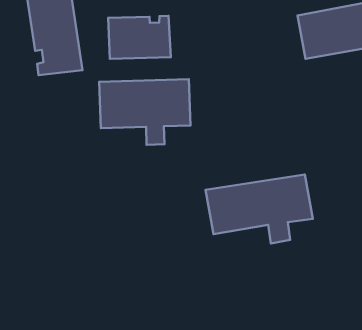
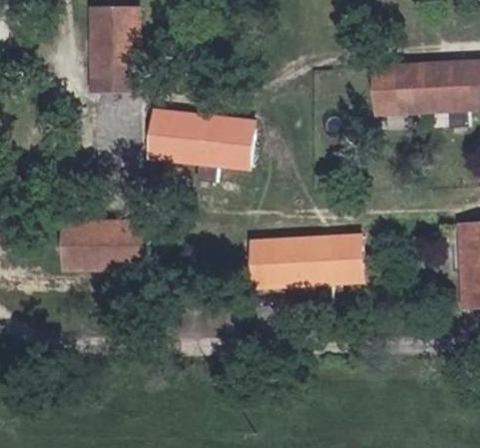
building: [108,16,171,59] -> none
building: none -> [64,222,146,269]

